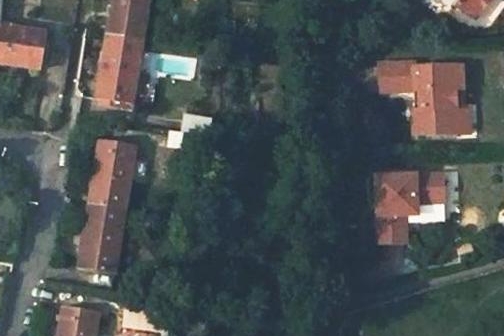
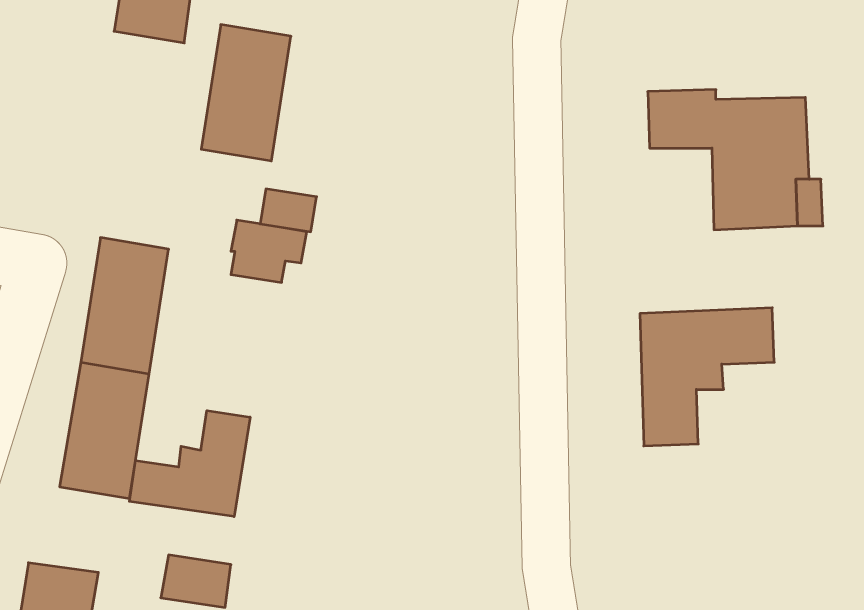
building: [96,33,142,103] -> [201,25,291,161]
building: none -> [129,411,250,517]

